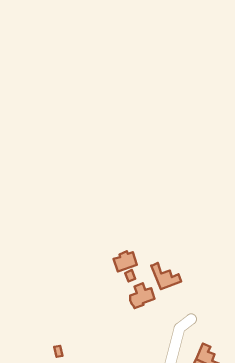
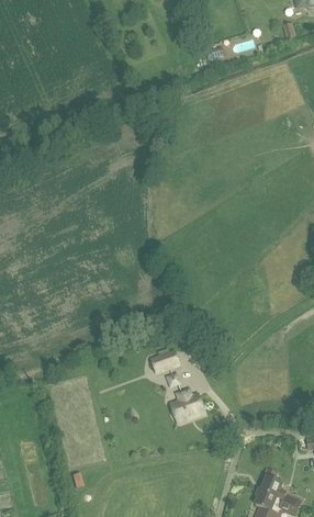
building: [151,263,181,289] -> none

